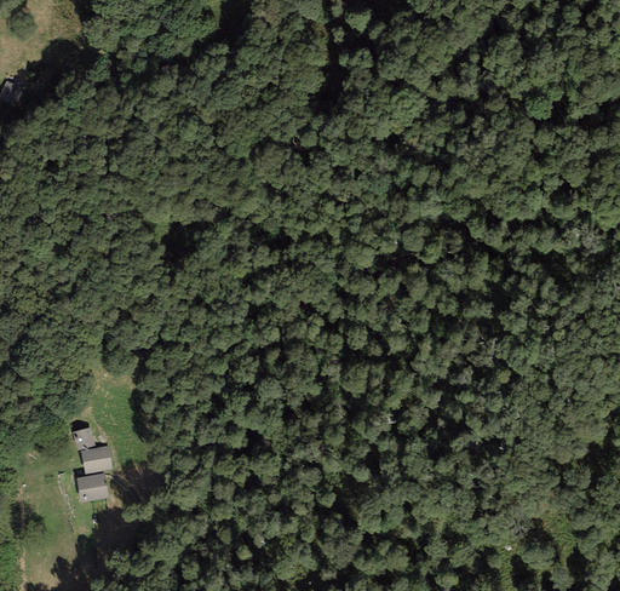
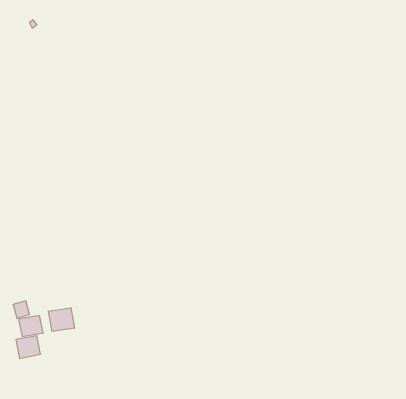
building: none -> [49,308,74,331]

